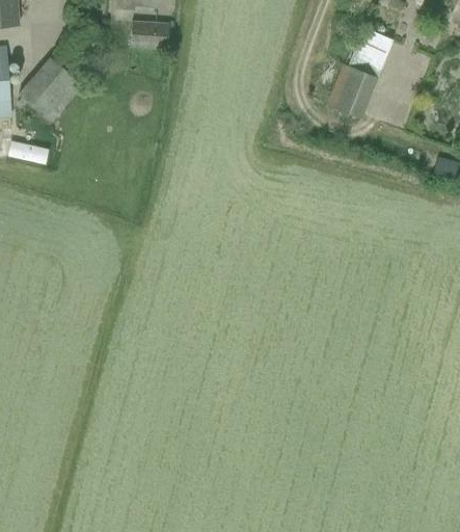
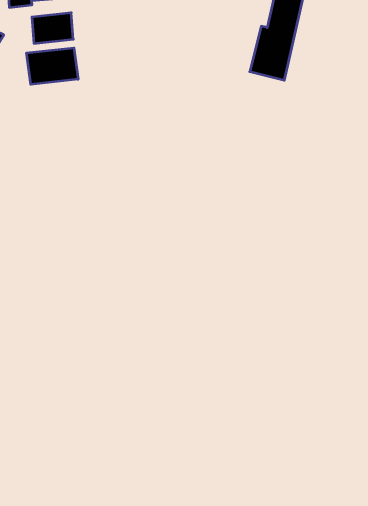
building: none -> [27,48,78,84]

